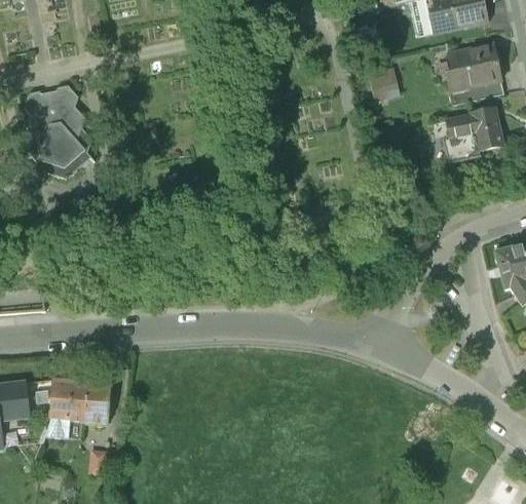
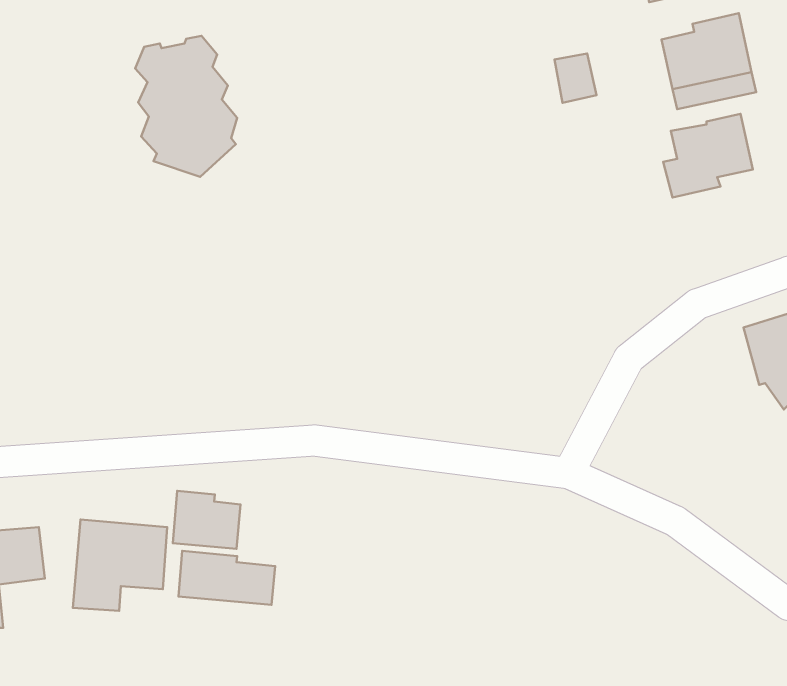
building: [22,85,89,179] -> [135,36,237,177]
building: none -> [173,491,240,549]
building: none -> [179,551,275,605]

